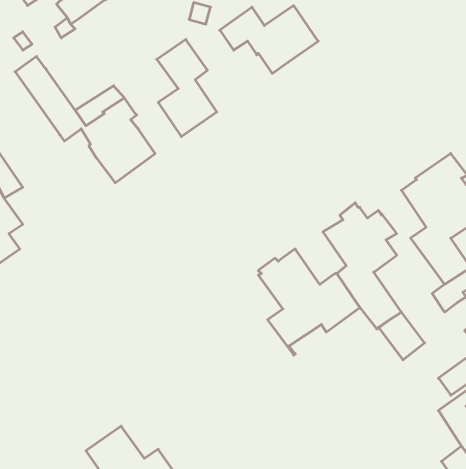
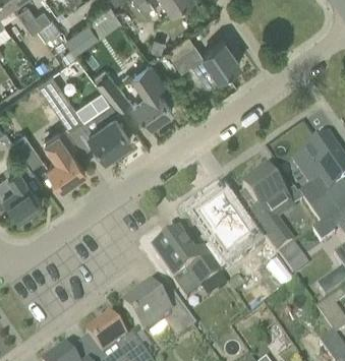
building: none -> [97,72,130,109]
building: none -> [43,123,84,184]
building: none -> [153,233,221,296]
building: none -> [123,286,193,338]

